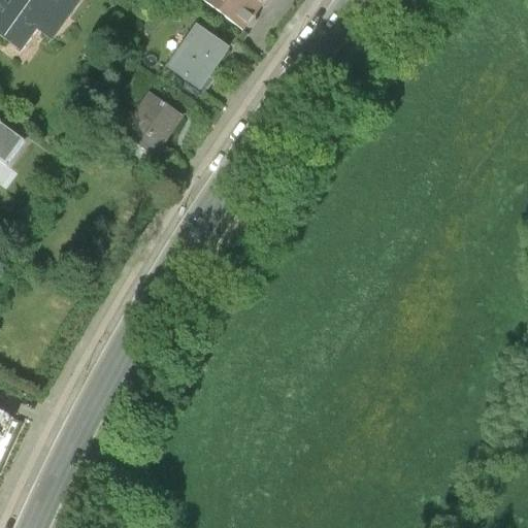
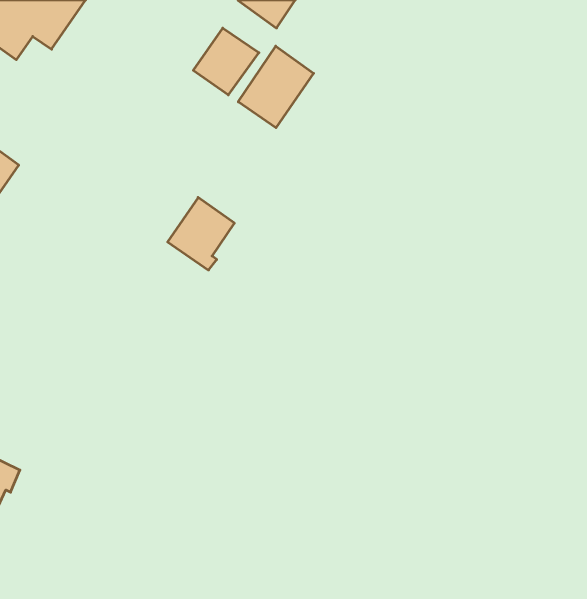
building: none -> [238,46,314,128]
building: [123,91,182,155] -> [168,197,234,270]

